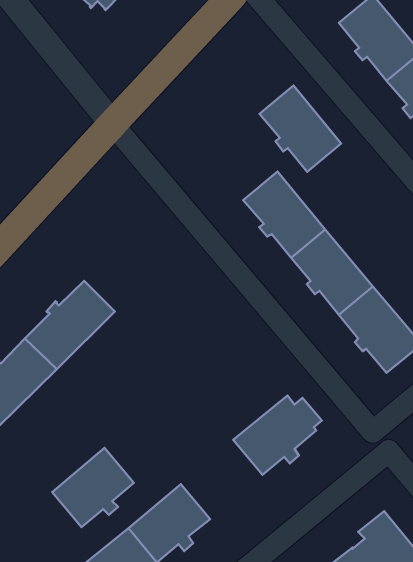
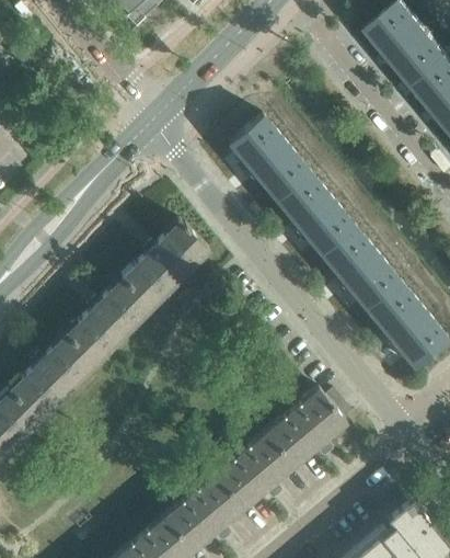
building: [259,86,341,172] -> [230,116,309,200]
building: none -> [123,220,209,307]
building: [52,448,134,527] -> [216,431,295,508]

